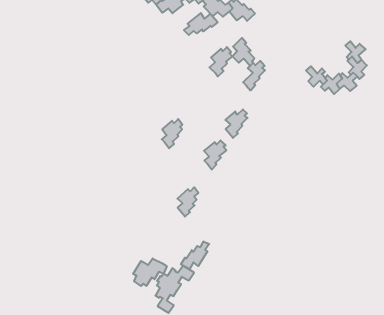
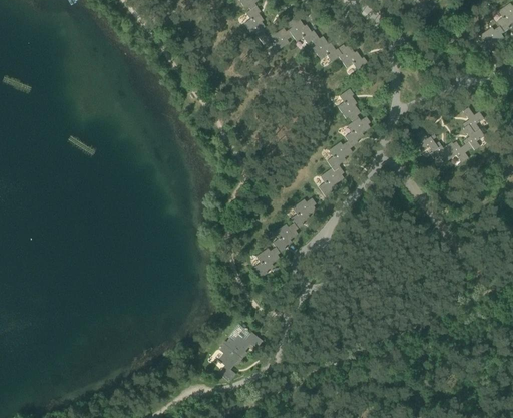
building: [184,13,218,35] -> none
building: [209,47,233,76] -> [325,141,352,172]
building: [162,119,182,148] -> [272,223,297,254]
building: [181,241,209,269] -> none
building: [133,258,167,286] -> none

